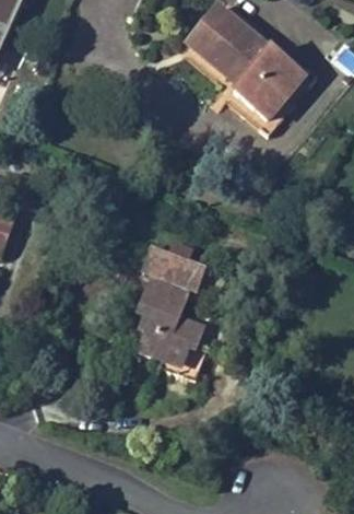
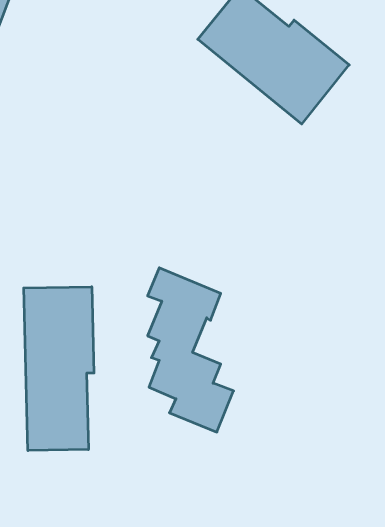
building: none -> [24,287,94,451]

